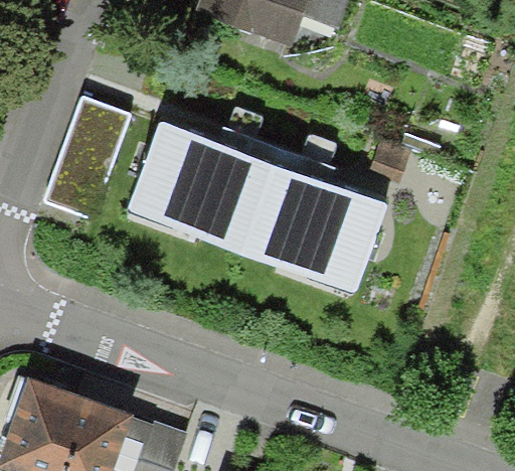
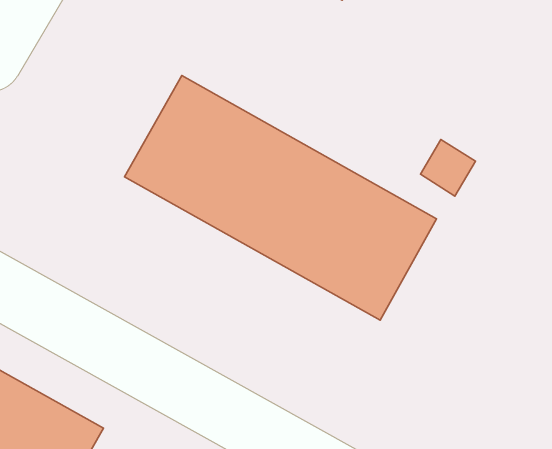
building: [42,97,133,221] -> none

